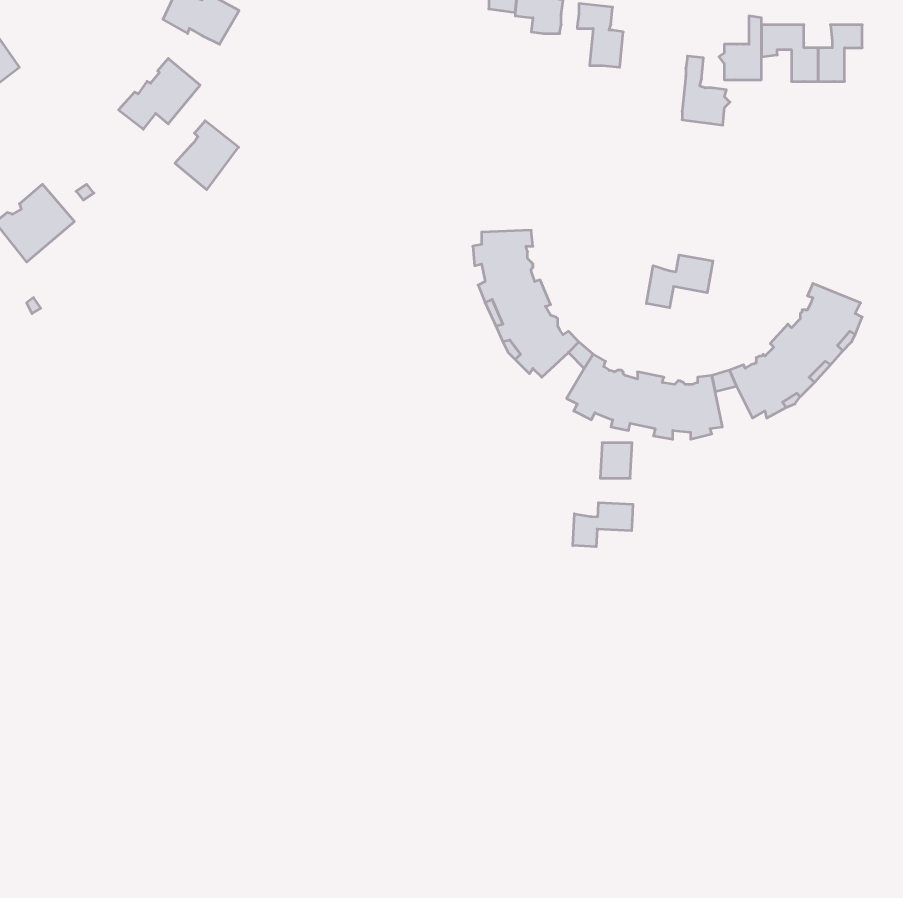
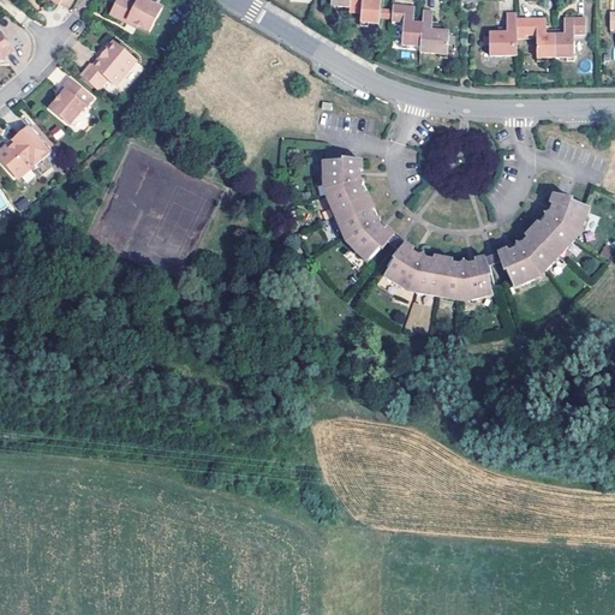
building: [682,56,730,125] -> [420,8,453,55]
building: [175,121,239,190] -> [49,77,92,124]
building: [646,255,713,308] -> none
building: [573,503,633,547] -> none

